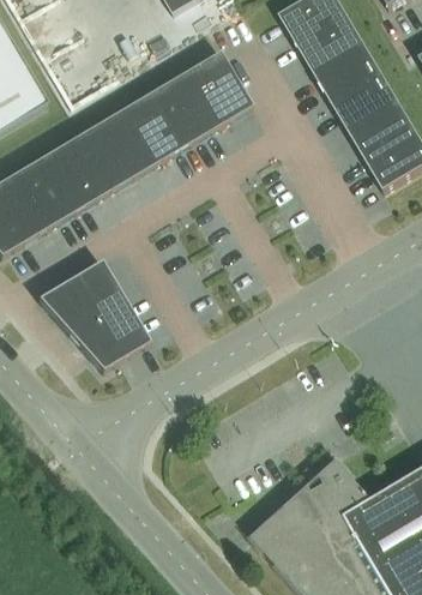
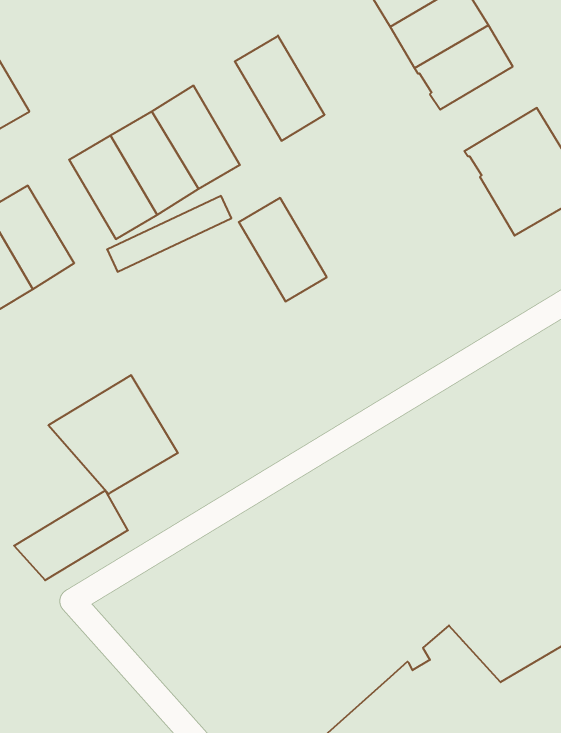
building: [159,68,221,140] -> [239,198,327,301]
building: [331,72,398,131] -> none
building: [44,137,106,209] -> none
building: [37,259,116,321] -> [14,491,128,580]

